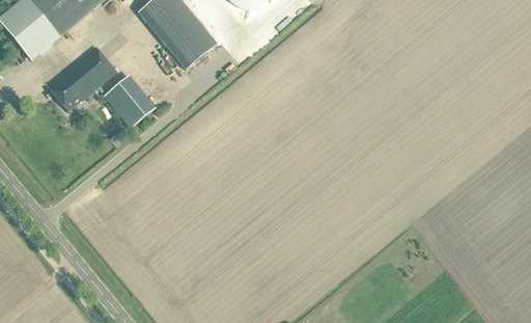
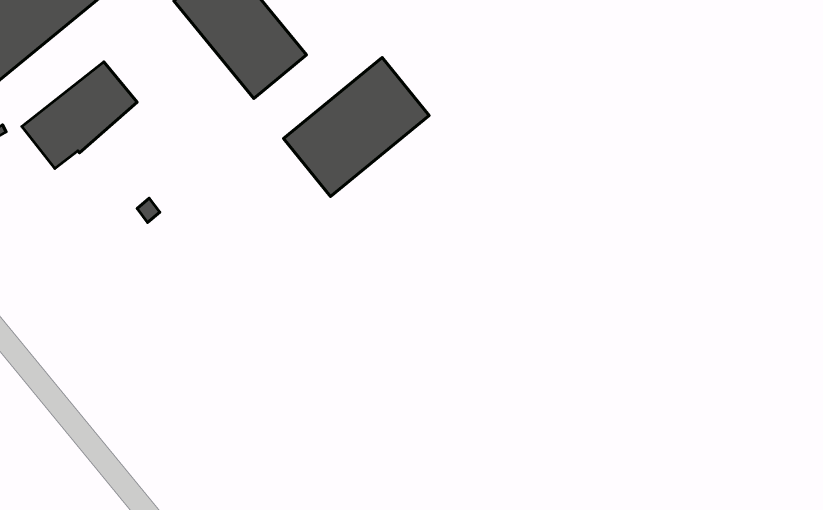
building: none -> [284,58,429,197]
building: [104,76,155,129] -> none

